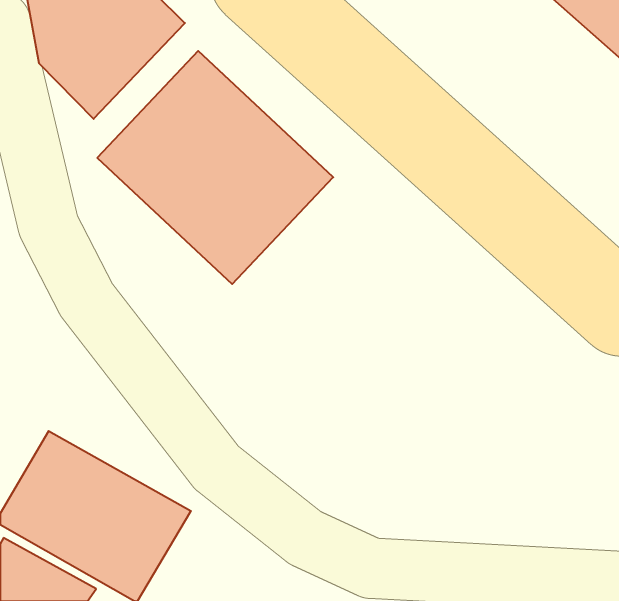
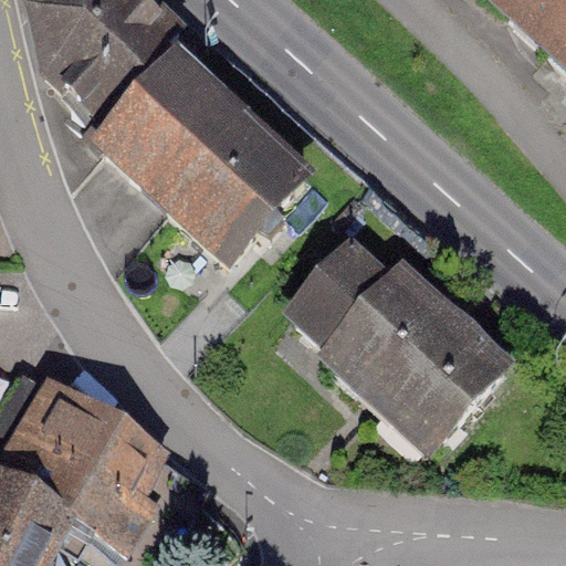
building: none -> [276,237,507,460]

